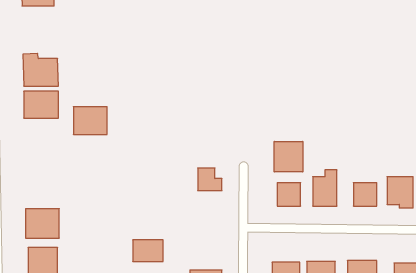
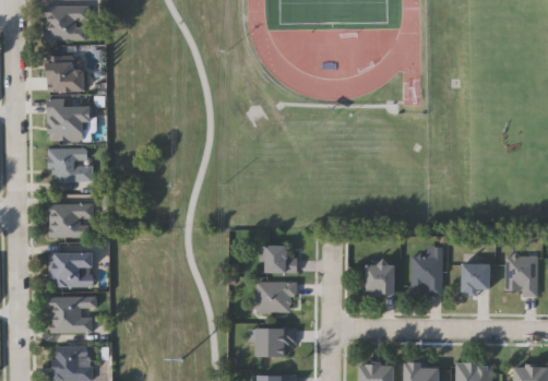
building: none -> [47,56,85,91]
building: [73,107,107,134] -> [49,203,92,238]
building: [274,141,303,172] -> none
building: none -> [48,252,94,287]
building: none -> [257,281,297,311]
building: [133,240,163,261] -> [257,328,295,355]

